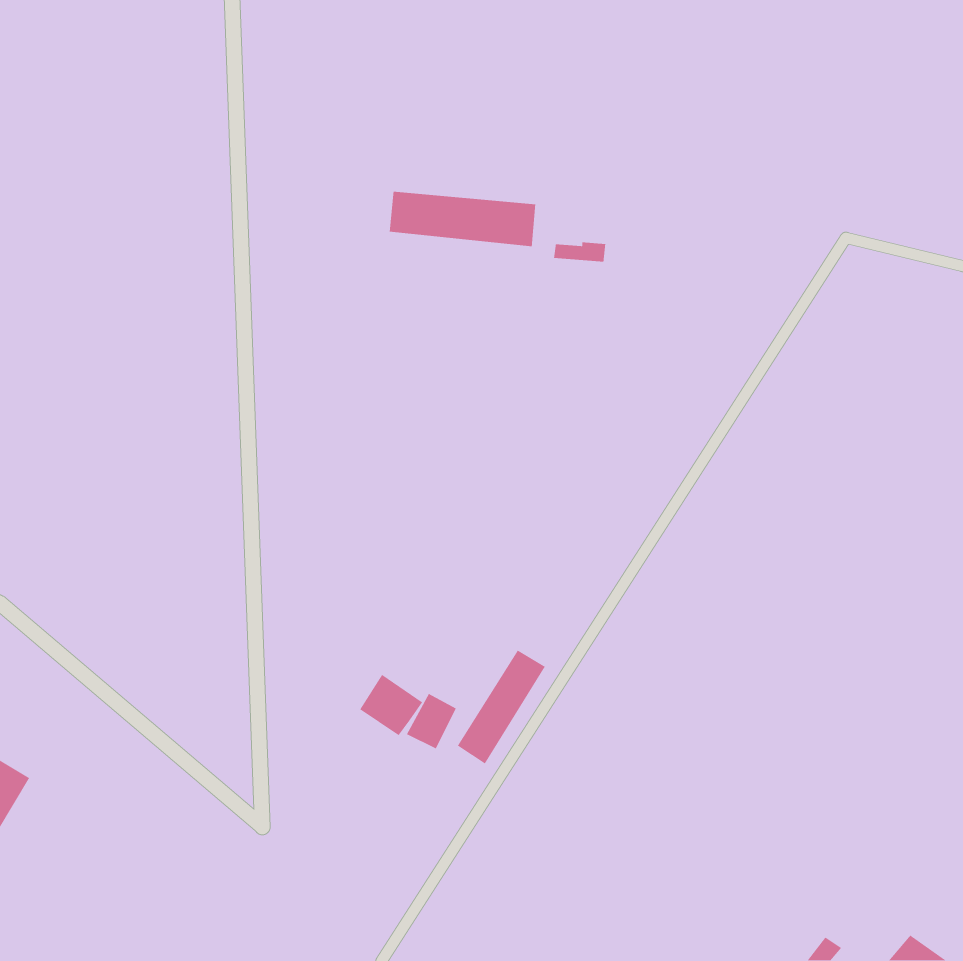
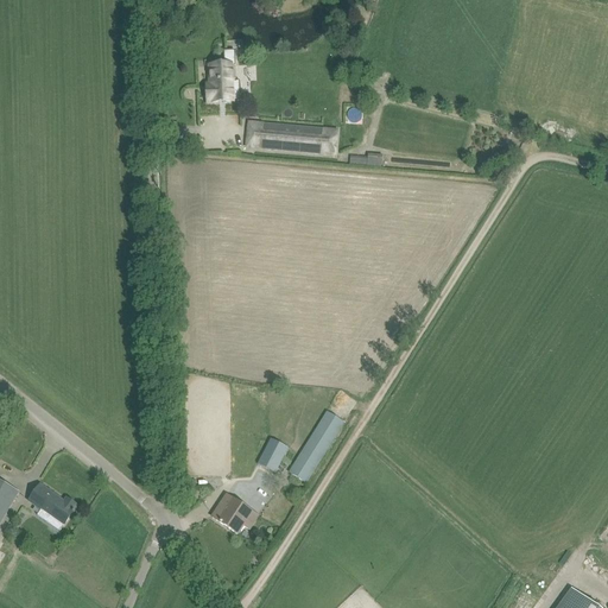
building: none -> [207,50,240,101]
building: [359,674,423,736] -> [211,493,252,532]
building: none -> [26,483,76,530]

